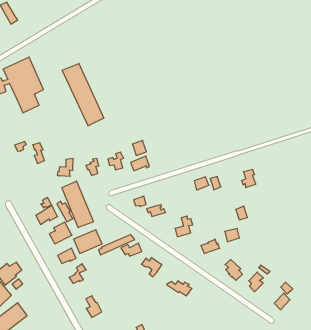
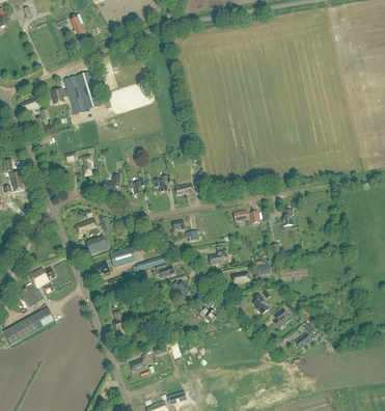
building: [62,63,104,126] -> none
building: [62,181,94,228] -> none

